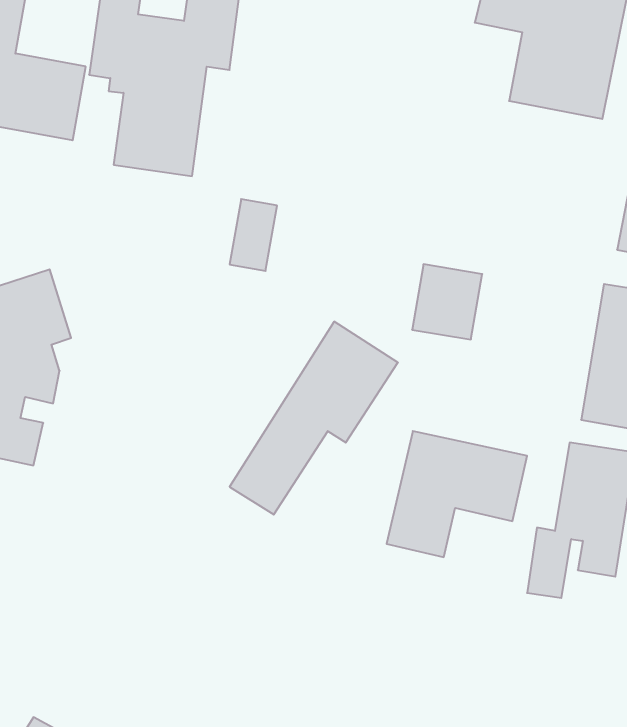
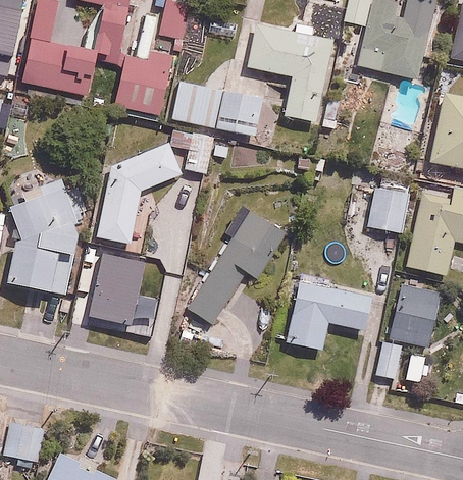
building: none -> [248,22,337,123]
building: none -> [172,82,268,136]
building: none -> [95,141,183,244]
building: [412,264,482,339] -> [364,188,408,234]
building: none -> [80,258,161,328]

